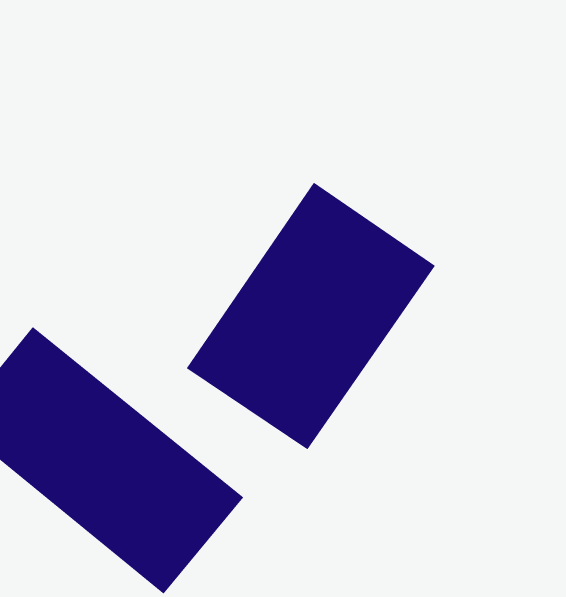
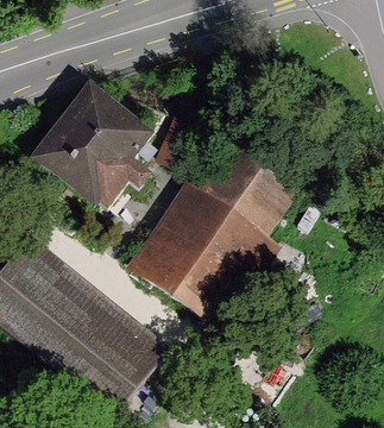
building: none -> [30,82,160,214]

